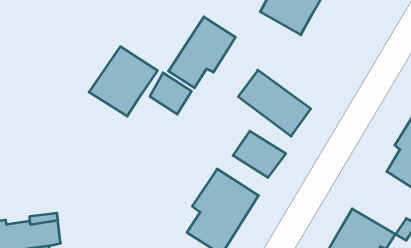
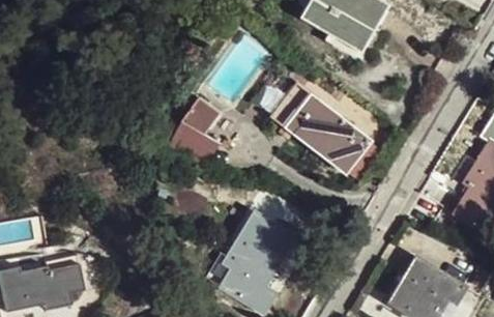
building: [168,17,235,88] -> none
building: [89,47,157,116] -> none
building: [233,131,286,178] -> none

